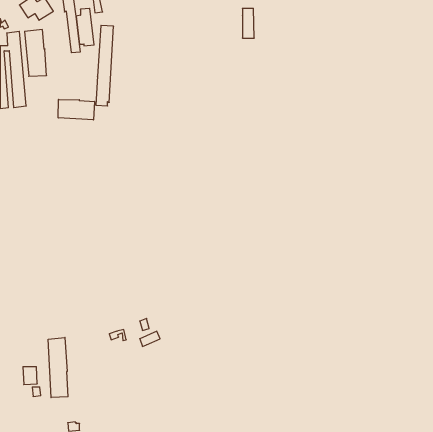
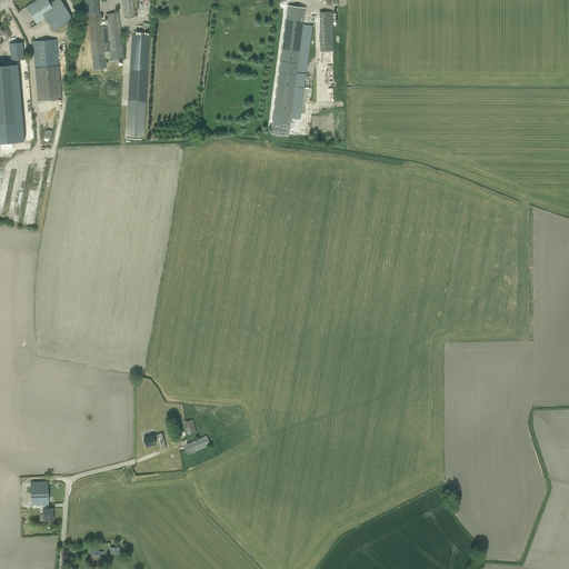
building: none -> [270,4,311,136]
building: [58,99,95,120] -> none
building: [48,337,68,398] -> none

